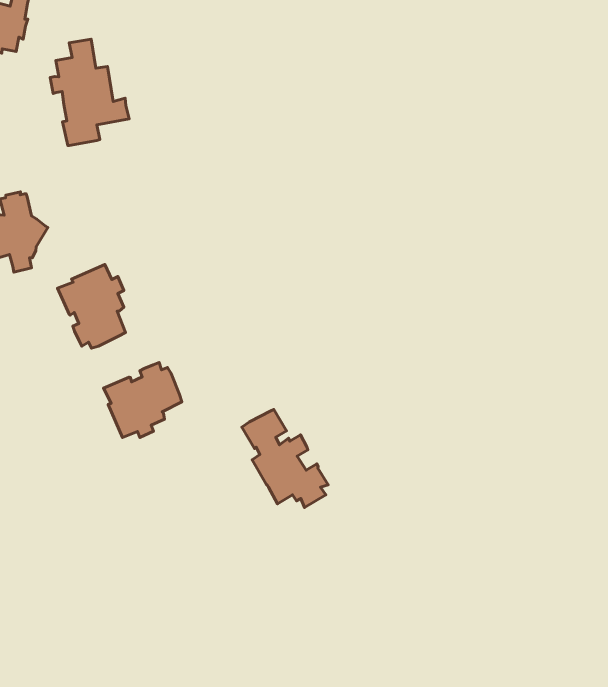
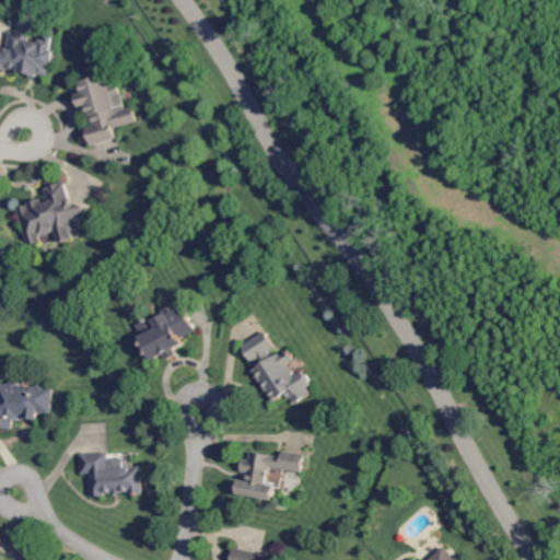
building: [57,265,125,348] -> none
building: none -> [77,455,139,500]
building: none -> [233,452,301,502]

